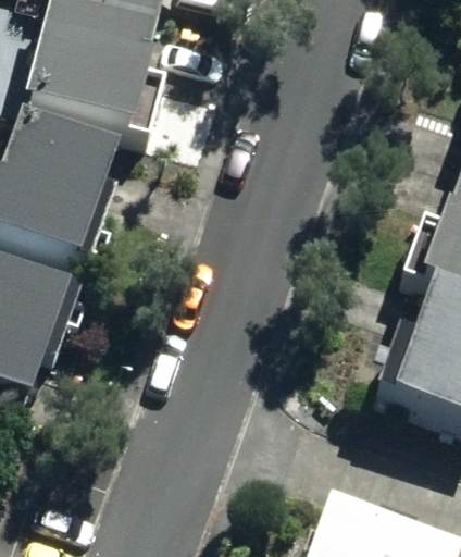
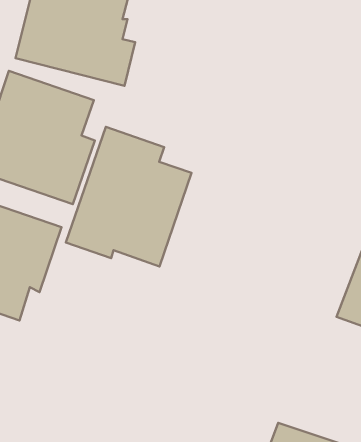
building: none -> [66,127,192,267]

